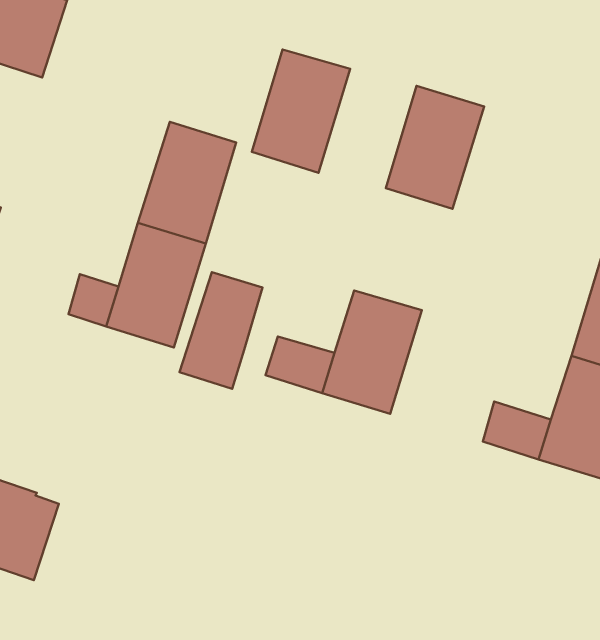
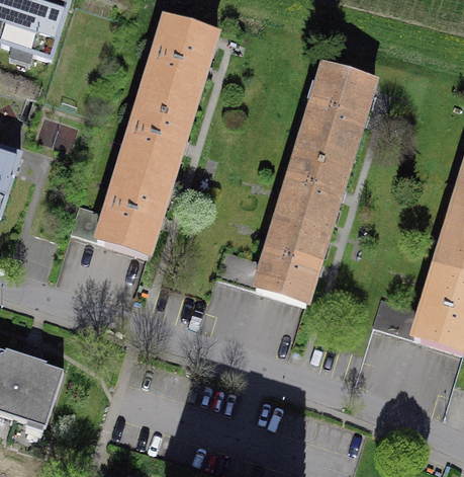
building: [252,50,350,173] -> [145,14,216,104]
building: none -> [279,138,351,227]
building: [180,272,263,389] -> none

